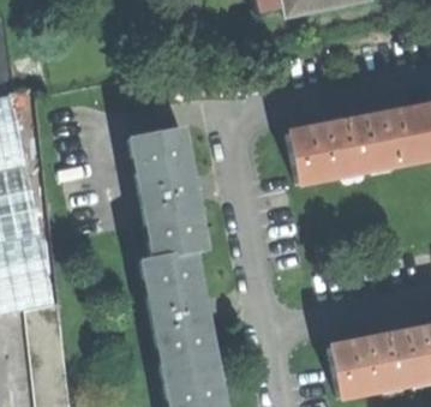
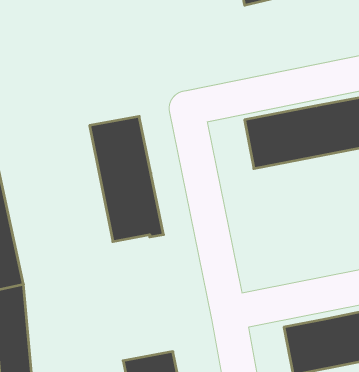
building: [139,251,215,382] -> none

